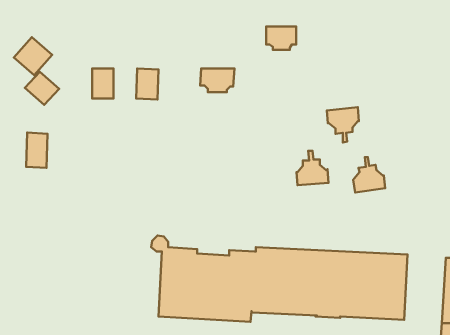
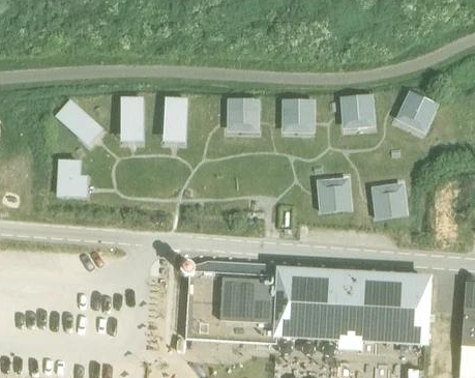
building: [266,26,296,50] -> [285,100,314,123]
building: [14,37,52,75] -> none
building: none -> [405,92,437,128]
building: [327,107,359,142] -> [342,95,373,129]

